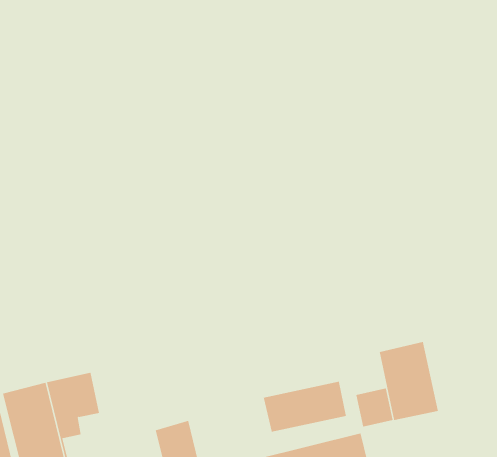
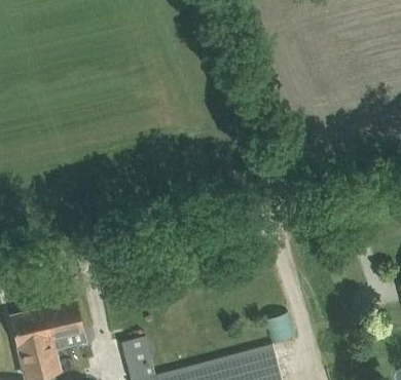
building: [379,341,439,421] -> none
building: [263,381,347,432] -> none

